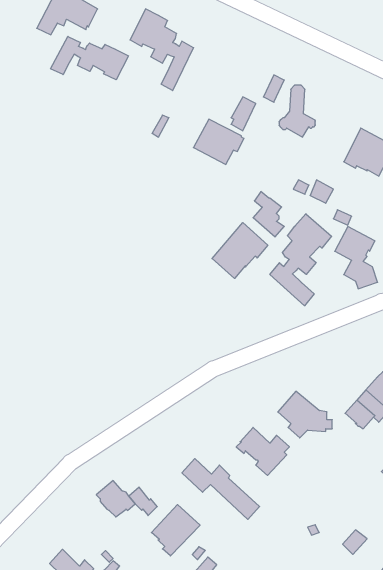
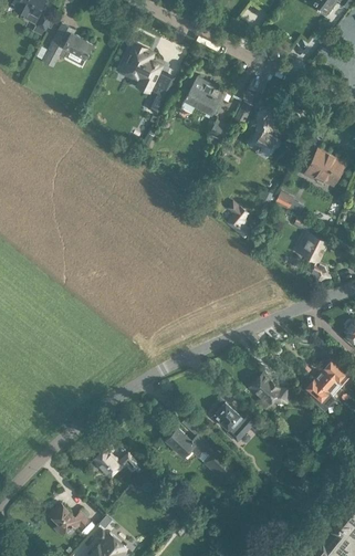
building: [51,36,128,80] -> none
building: [193,119,244,164] -> [182,76,226,115]
building: [270,214,332,306] -> none
building: [212,223,268,278] -> none
building: [151,505,200,556] -> none

